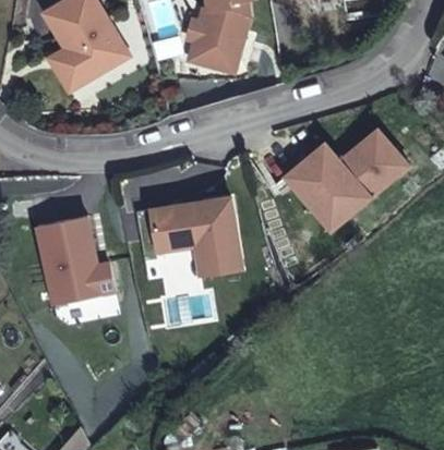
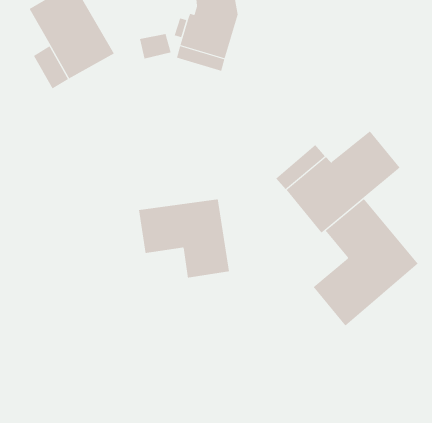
building: none -> [313,198,418,326]
building: [35,216,113,304] -> none

